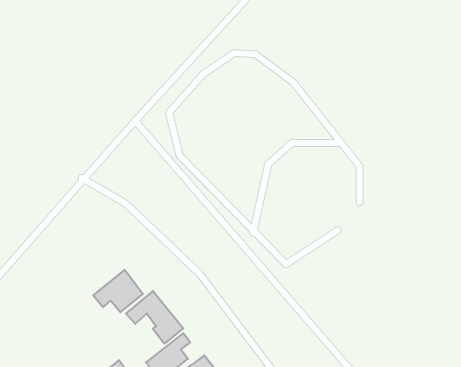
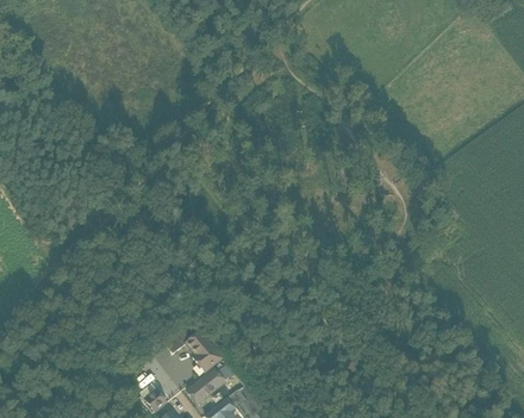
building: [93,270,143,312] -> none

